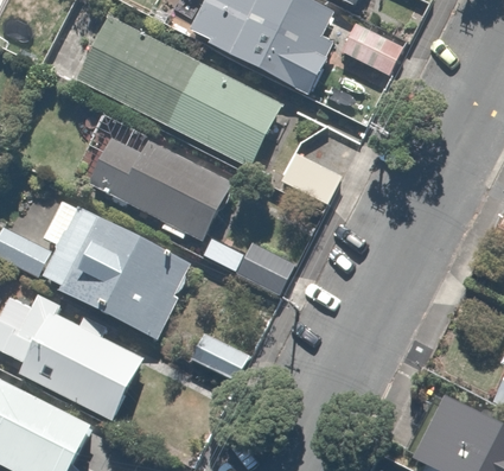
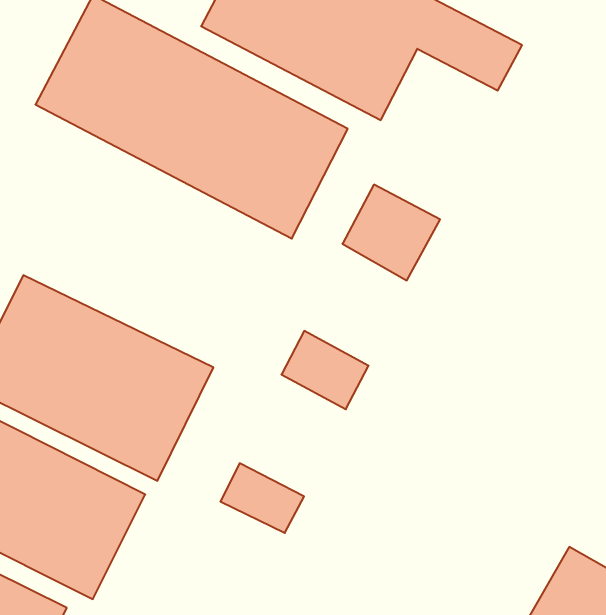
building: [88,134,234,241] -> none

